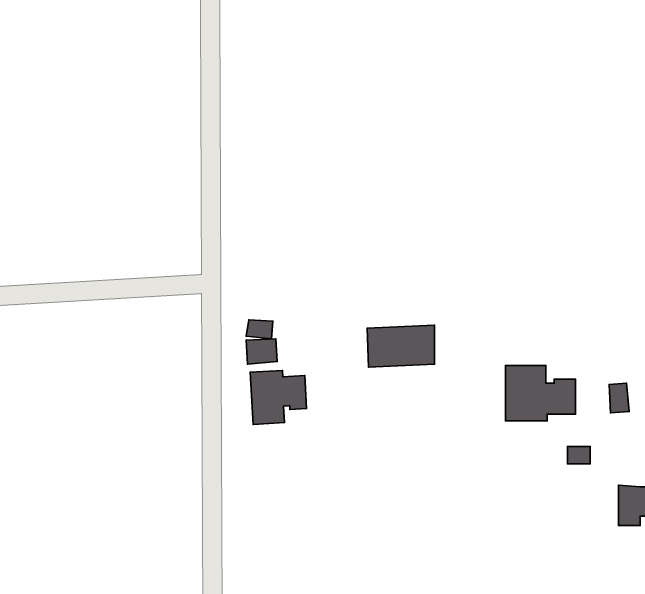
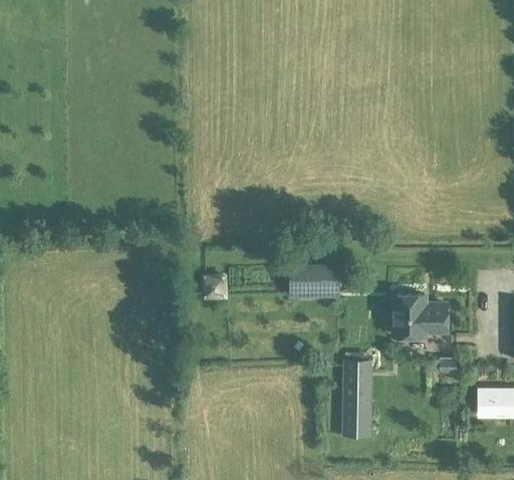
building: [250,370,307,424] -> none
building: none -> [341,358,372,436]

